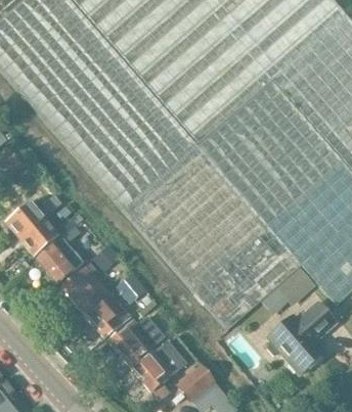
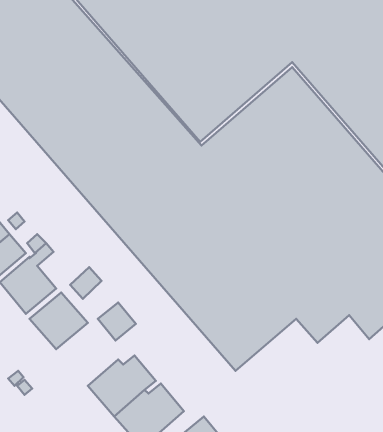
building: [82,289,129,337] -> none
building: [267,302,336,373] -> none

